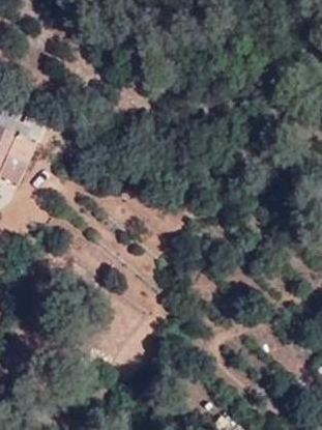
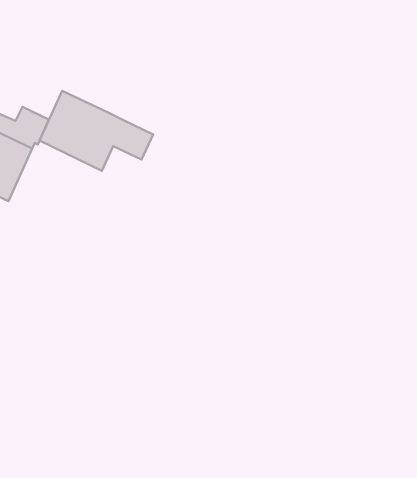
building: none -> [39,91,153,171]

